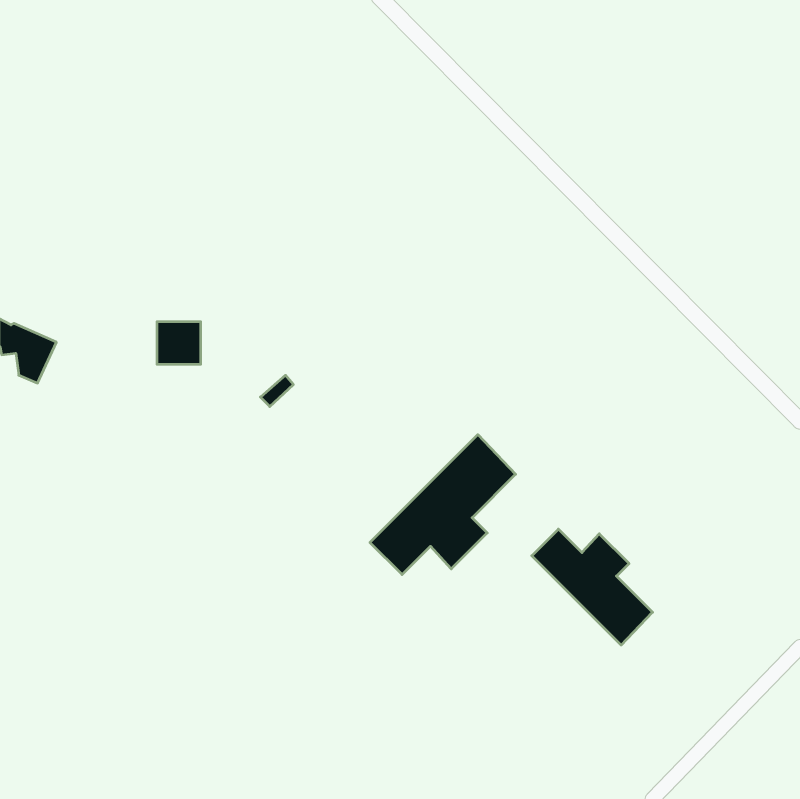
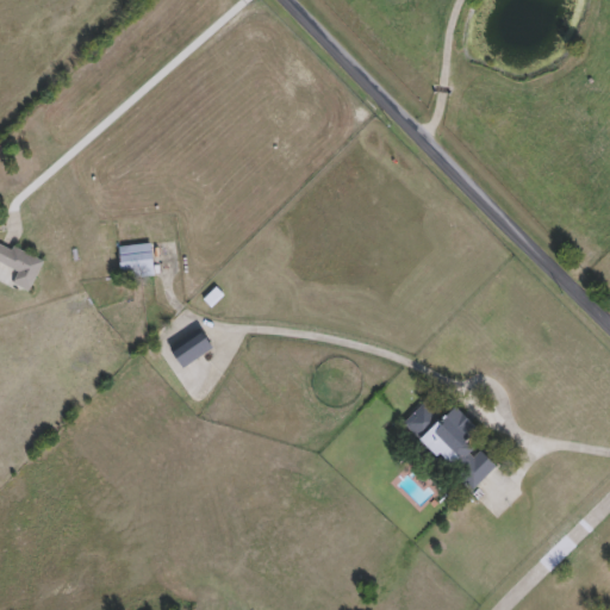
building: none -> [172,328,211,368]
building: [370,435,516,575] -> none

